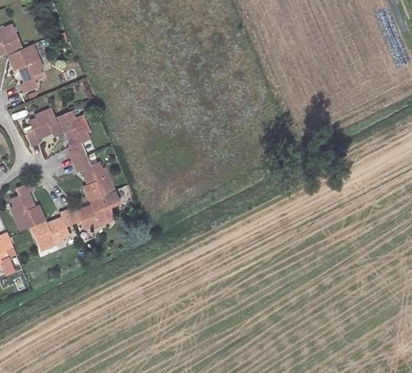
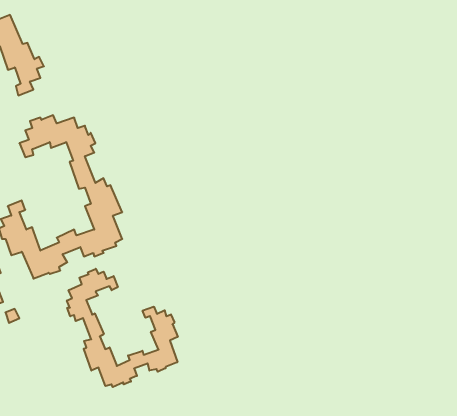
building: none -> [67,269,178,387]

